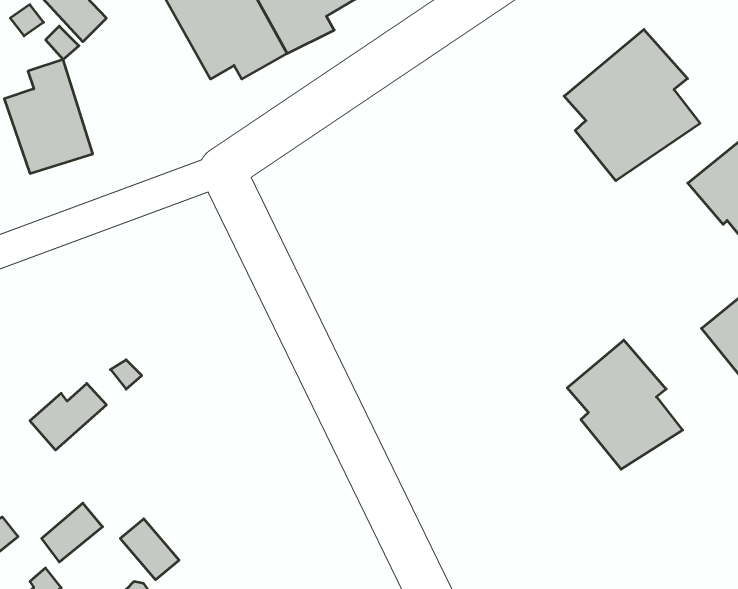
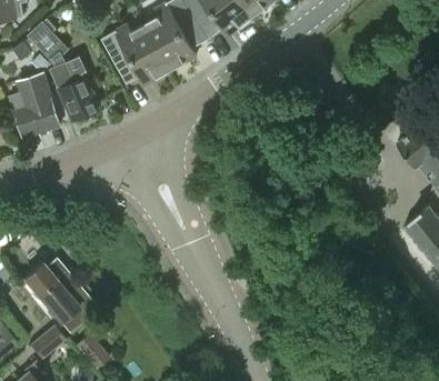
building: [564,29,700,181] -> none
building: none -> [50,58,99,121]
building: [567,340,683,469] -> none
building: none -> [38,269,98,330]

